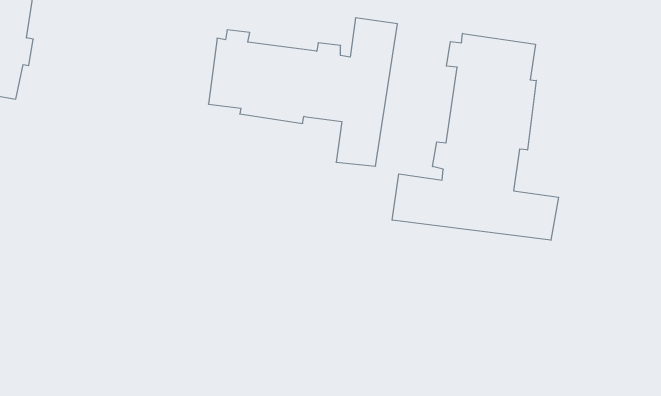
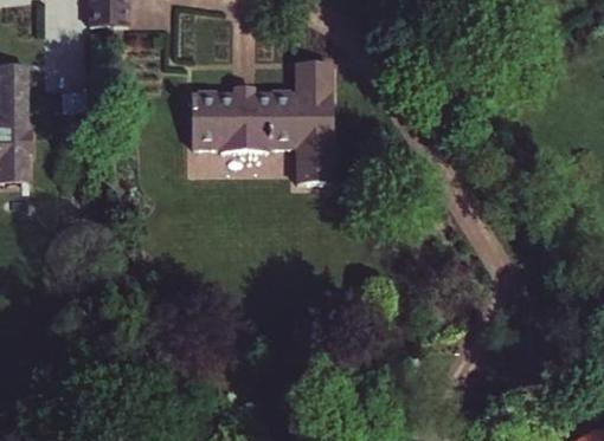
building: [392,33,559,240] -> none

